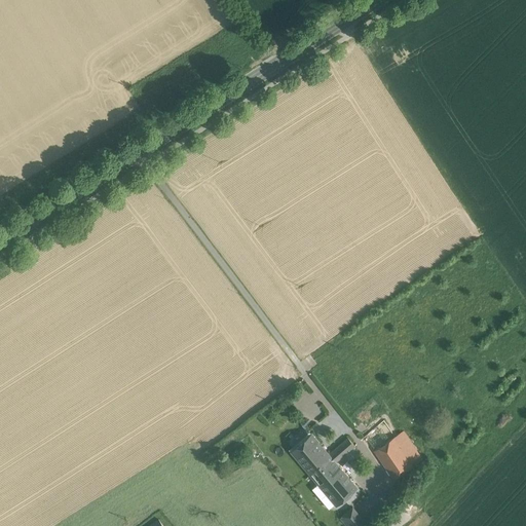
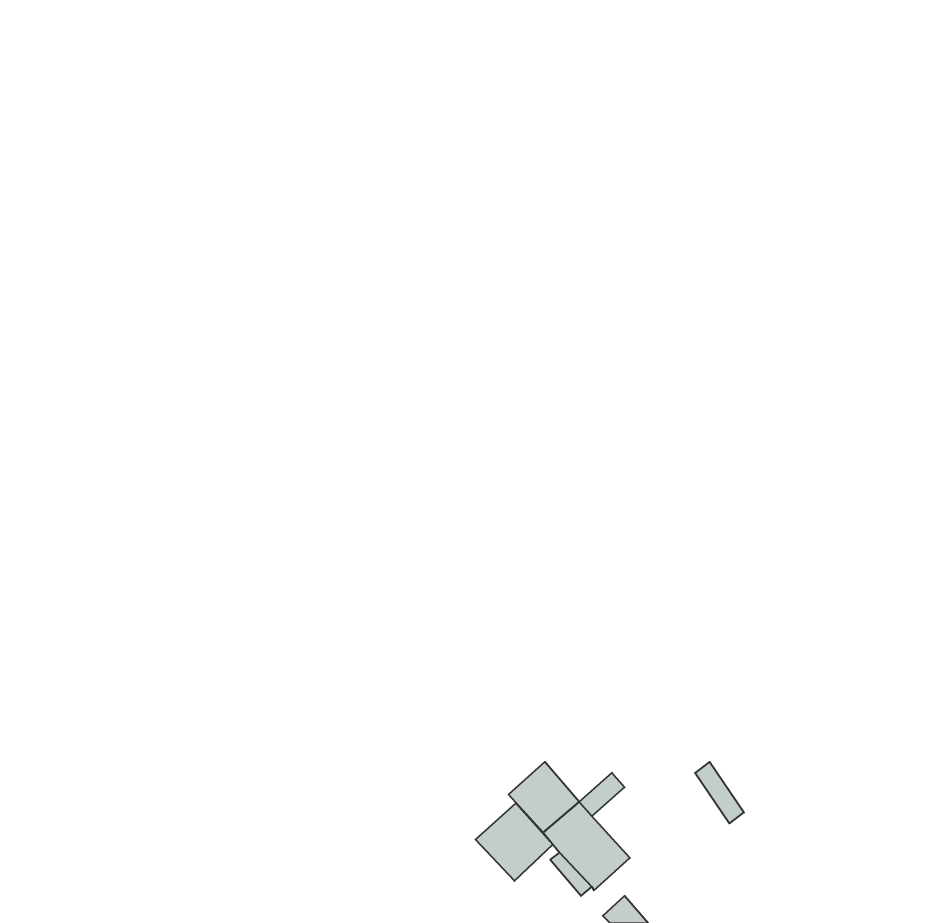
building: [374,439,414,481] -> none
building: none -> [476,803,553,881]

